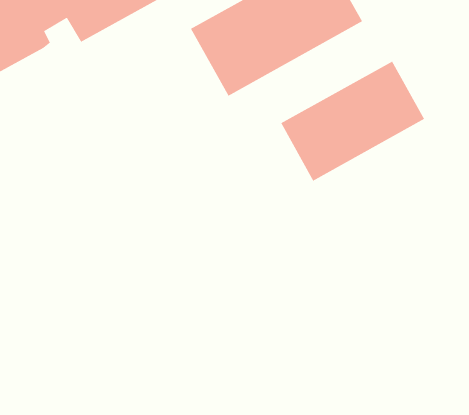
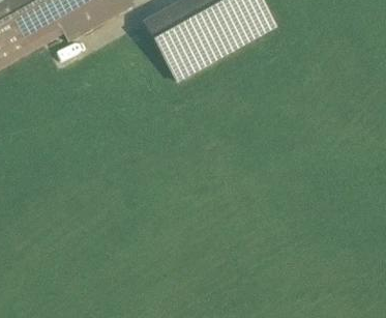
building: [280,60,425,182] -> none

